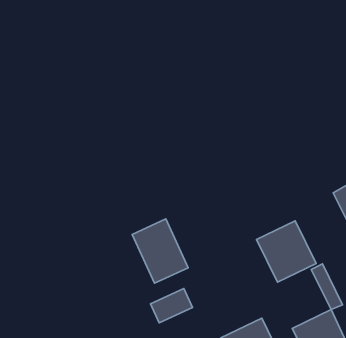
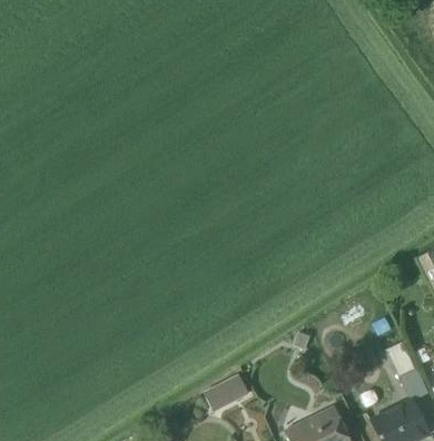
building: [132,219,188,283] -> none
building: [257,221,316,282] -> none

